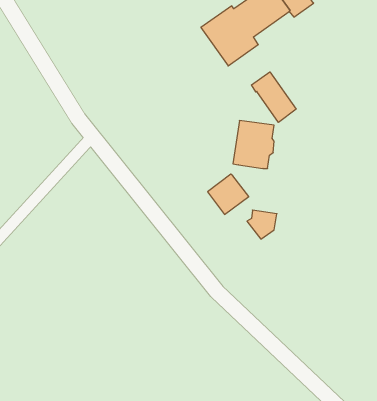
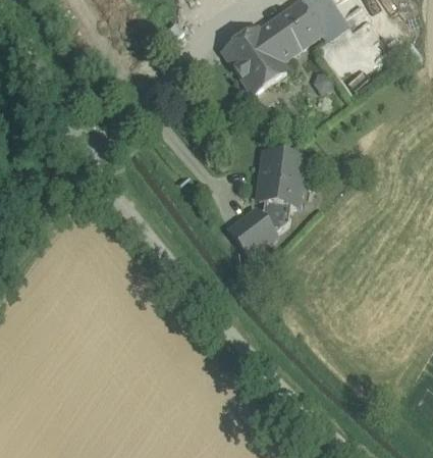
building: [251,72,296,122] -> none
building: [247,210,277,239] -> [258,197,290,228]

